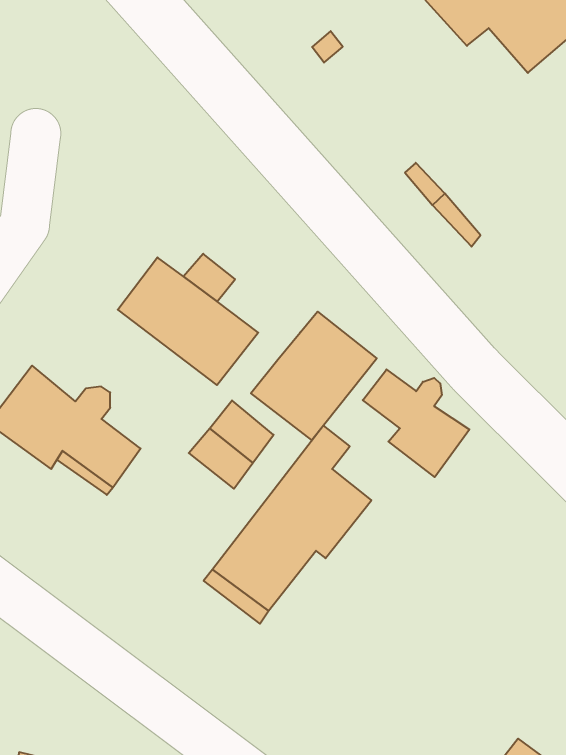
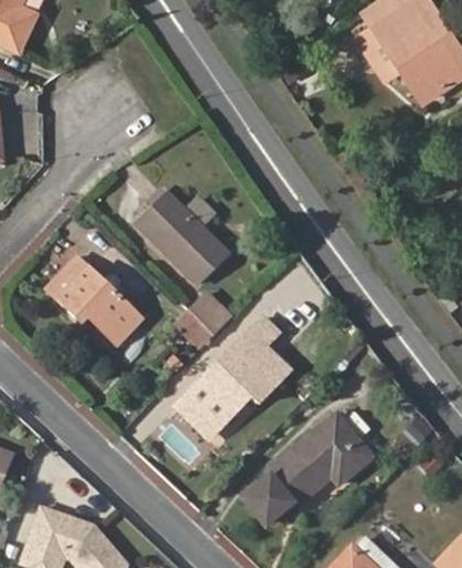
building: [251,312,377,440] -> none
building: [363,369,469,477] -> none
building: none -> [245,414,371,526]

